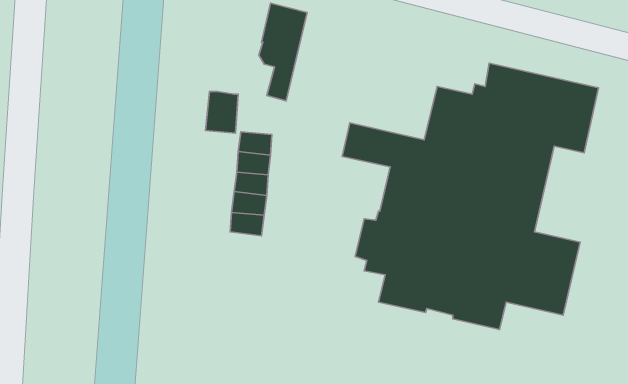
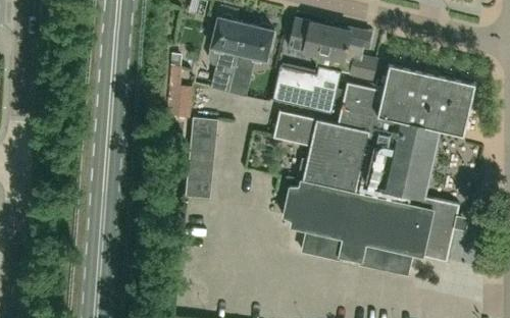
building: none -> [272,18,377,108]
building: none -> [230,23,273,96]

